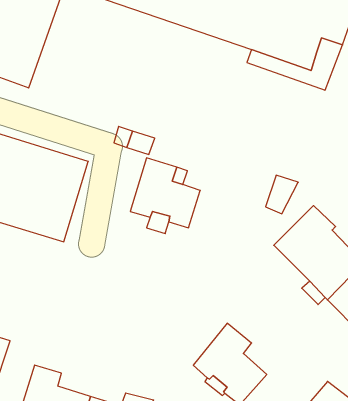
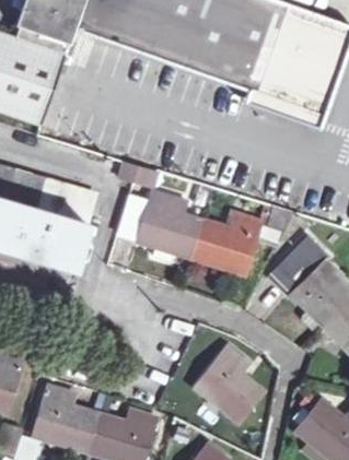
building: none -> [189,214,259,273]

